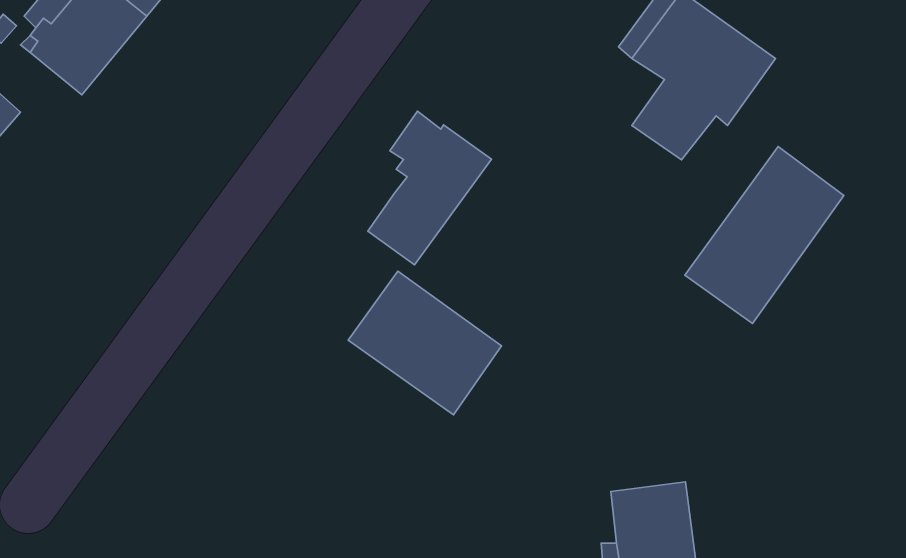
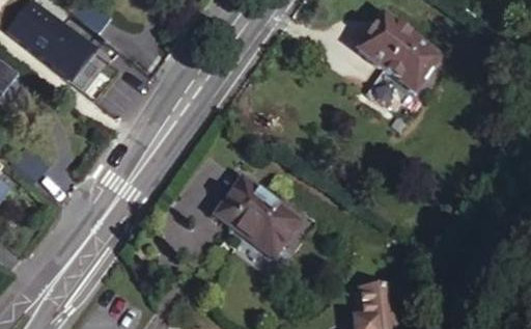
building: [368,111,491,265] -> none
building: [685,146,844,323] -> none

